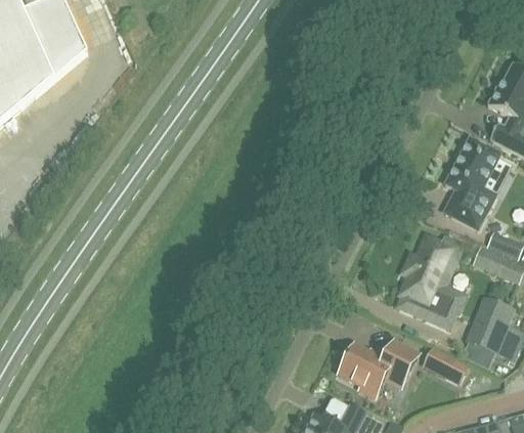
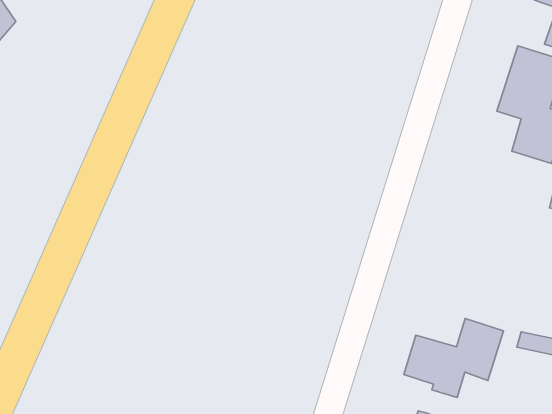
building: [402,234,463,327] -> none

